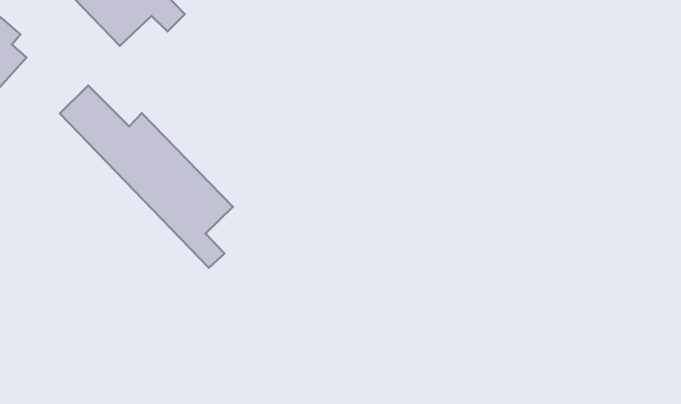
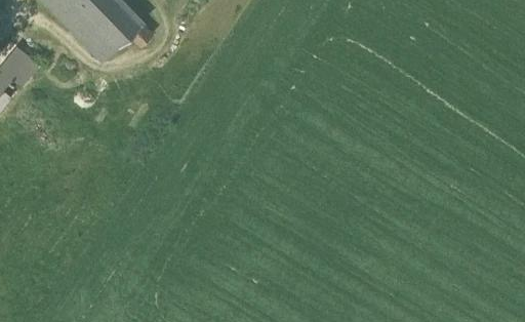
building: [60,86,233,268] -> none

